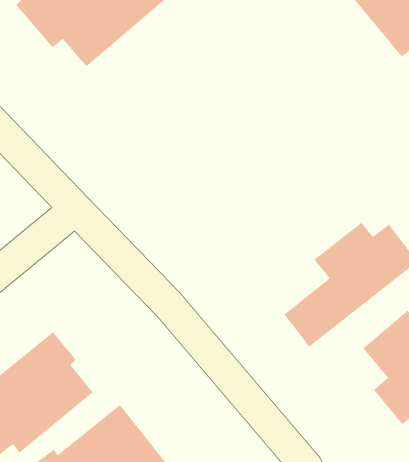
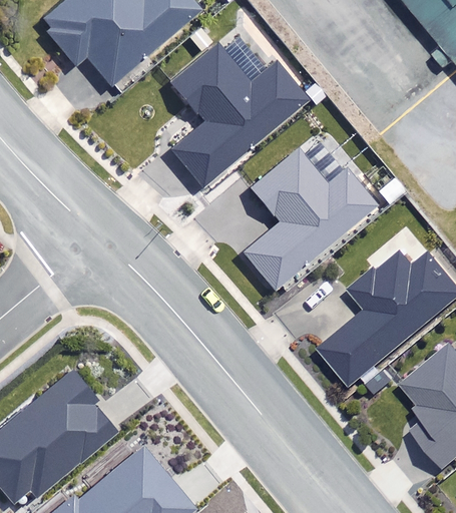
building: none -> [170,45,305,186]
building: none -> [242,149,377,289]

